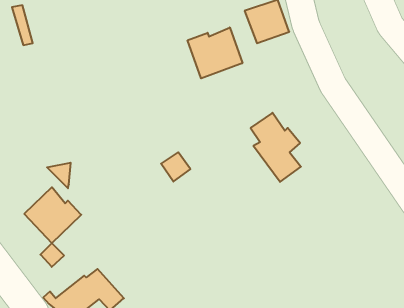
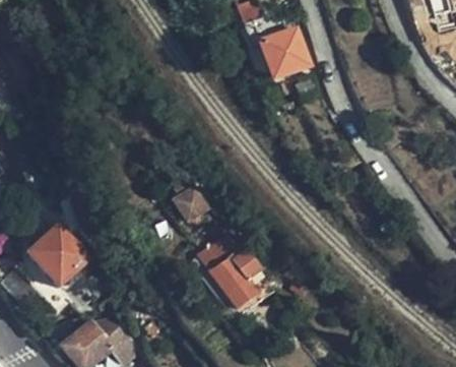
building: [188,27,242,78] -> none
building: [251,113,301,182] -> [204,236,258,310]

